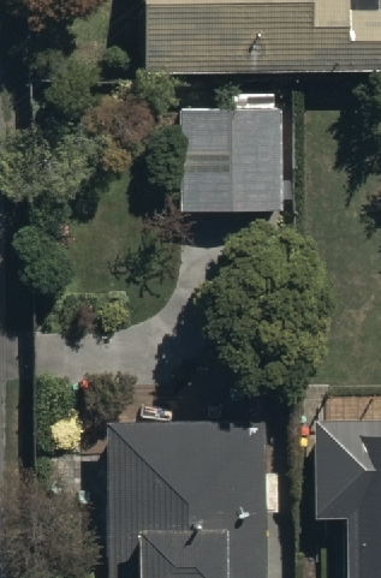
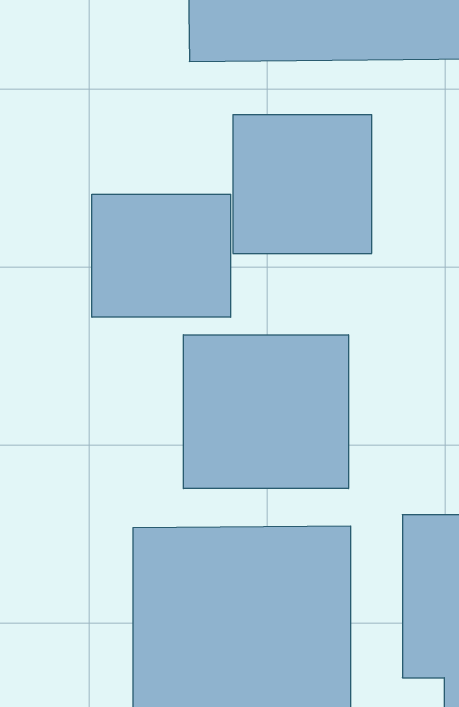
building: none -> [92,194,231,317]
building: none -> [183,335,348,489]

